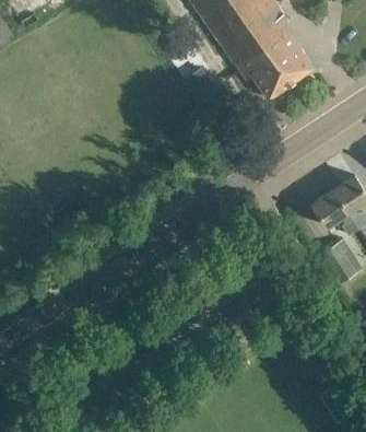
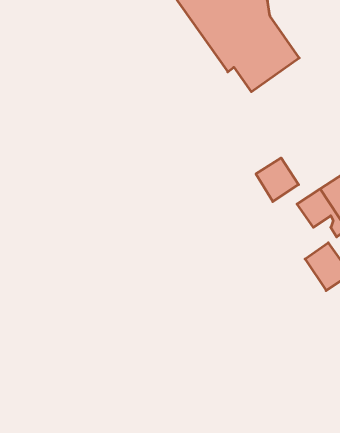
building: none -> [256,158,299,202]

